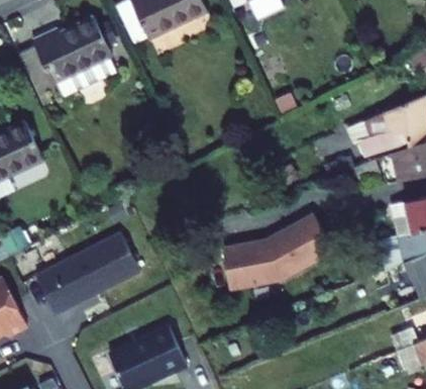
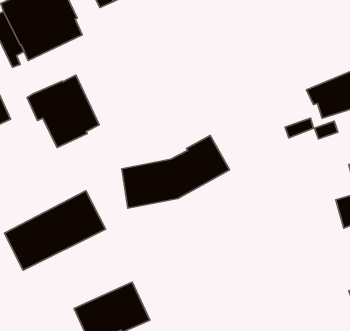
building: none -> [27,75,99,148]
building: [223,214,334,289] -> [122,136,230,208]

